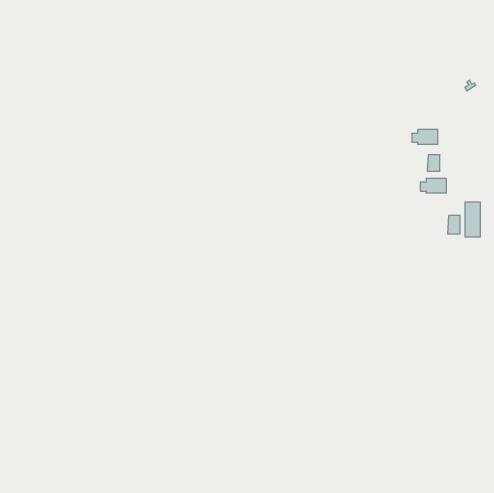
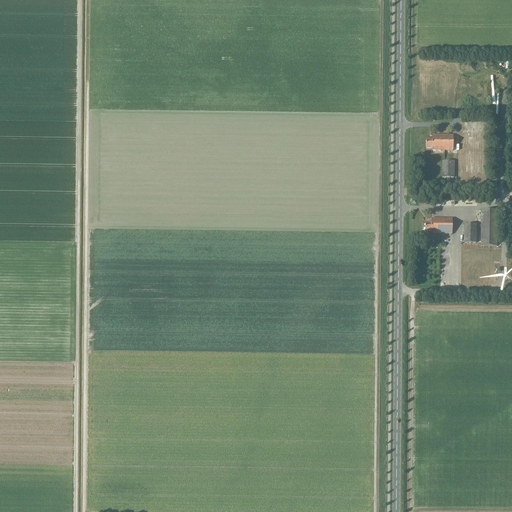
building: [420,178,446,193] -> [425,218,452,233]

